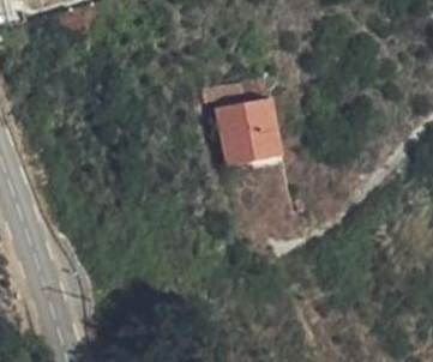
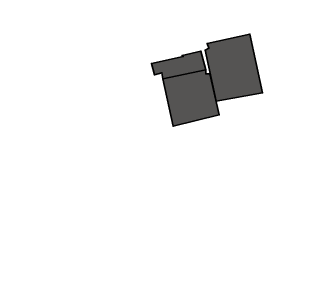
building: none -> [205,34,263,101]

